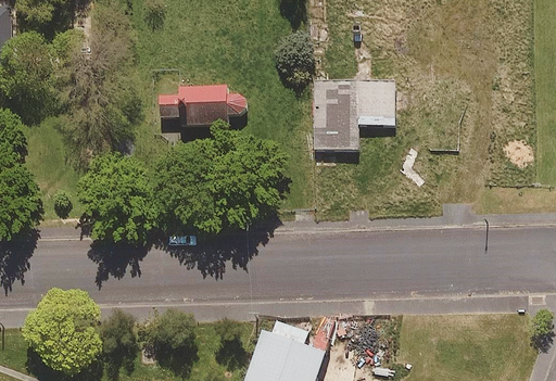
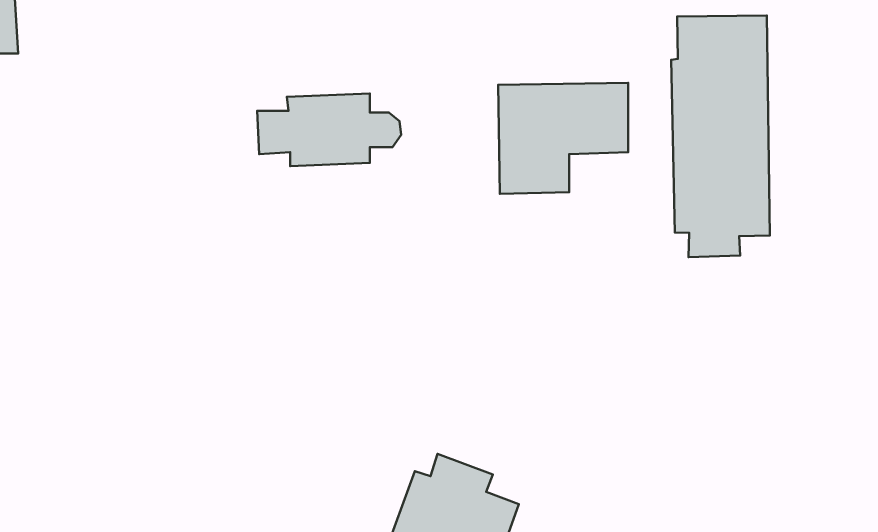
building: none -> [671,15,770,257]

